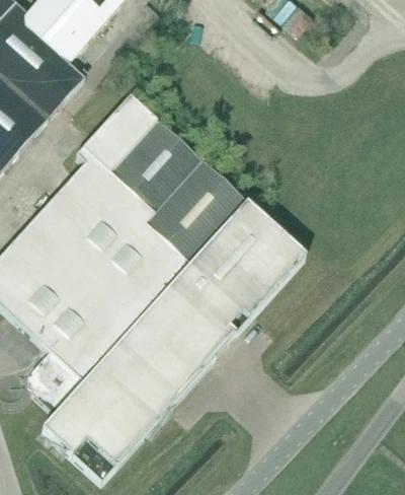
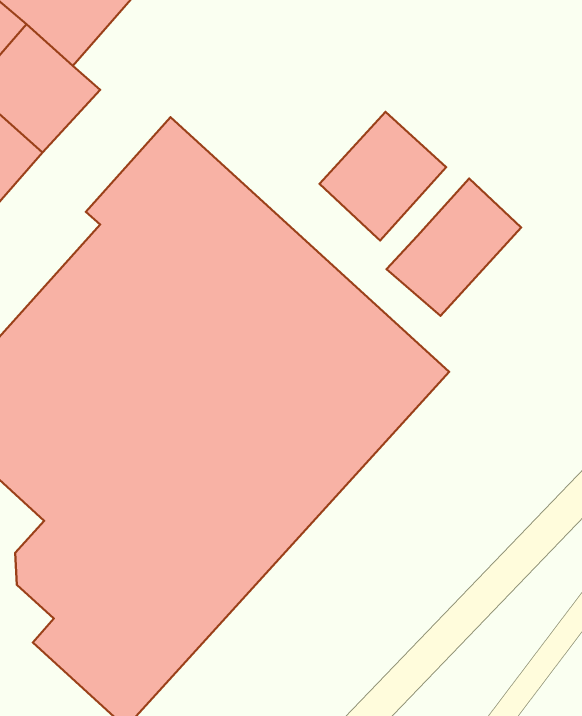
building: none -> [319,112,446,240]
building: none -> [387,179,521,316]

